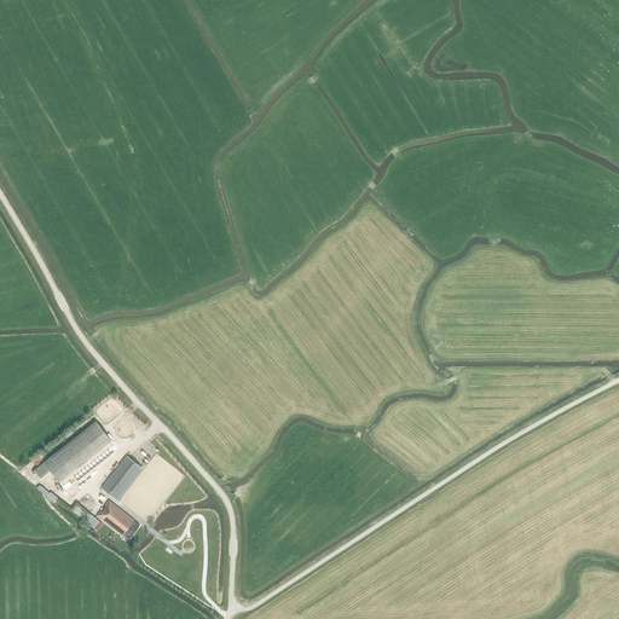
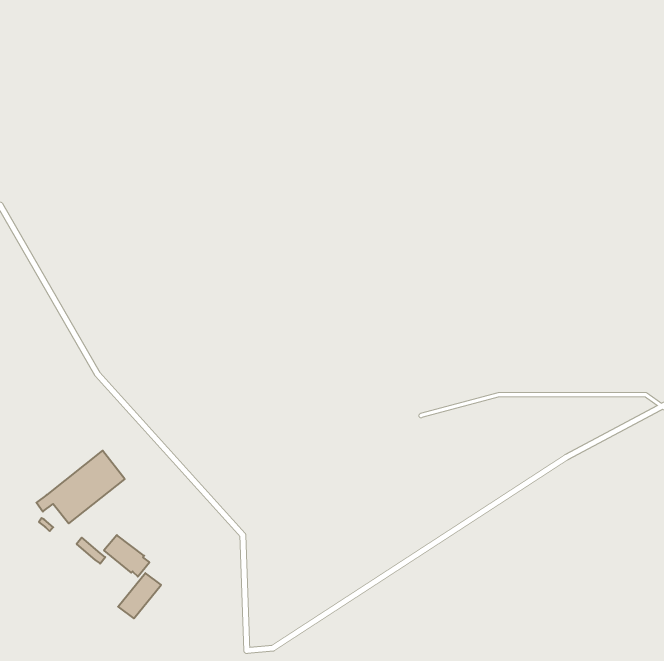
building: [102,455,141,497] -> [118,573,161,618]

